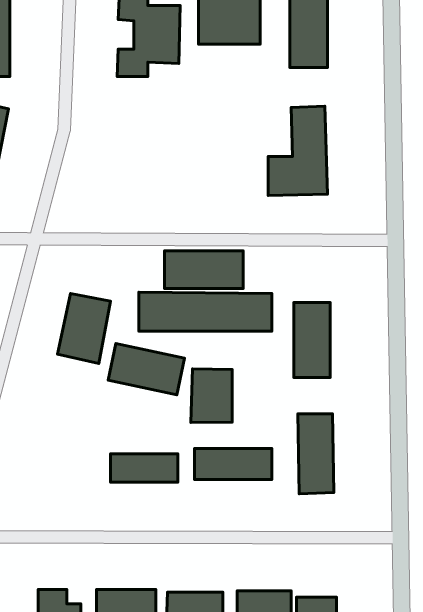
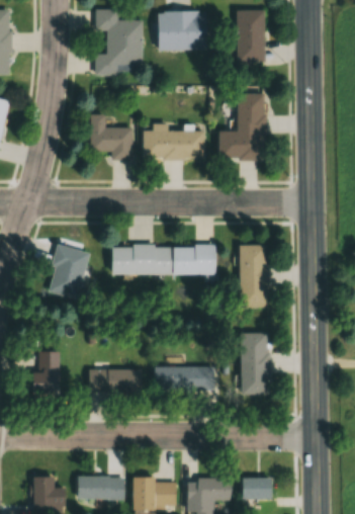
building: none -> [91,114,132,160]
building: [164,251,243,288] -> [144,131,205,160]
building: [108,344,185,395] -> none
building: [191,369,232,423] -> none
building: none -> [32,351,60,396]

